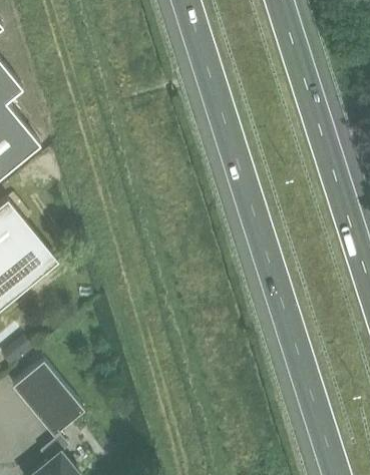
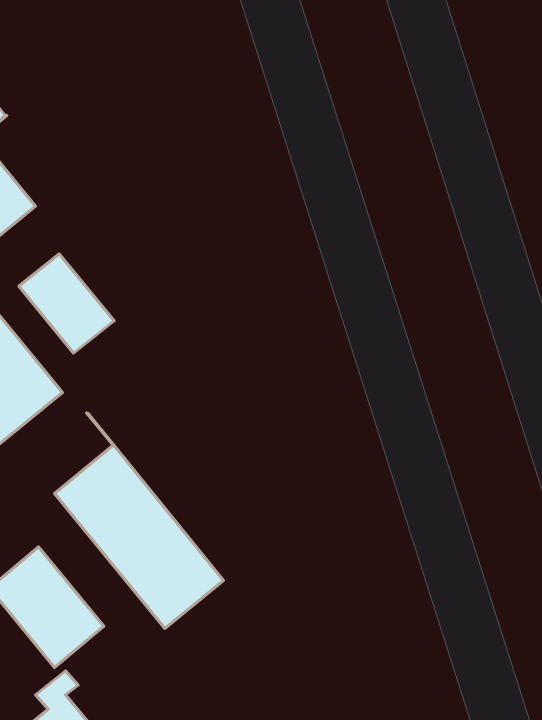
building: none -> [19,254,114,353]
building: none -> [54,413,223,629]

